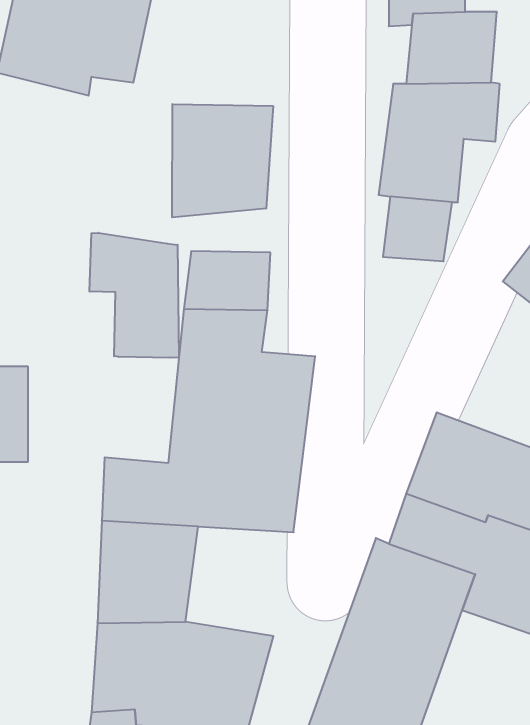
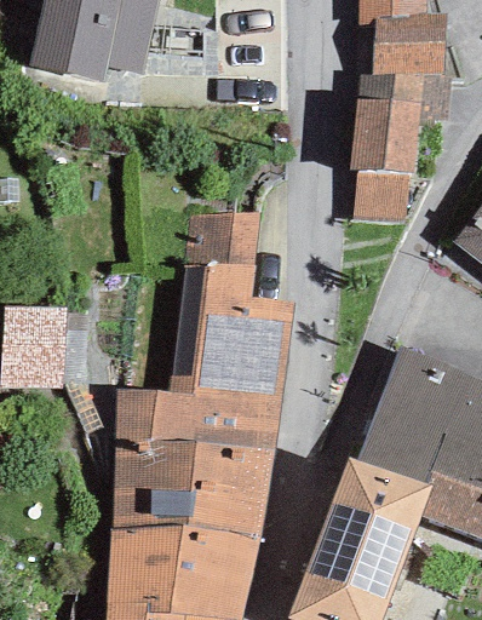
building: [172,104,273,217] -> none
building: [90,233,179,358] -> none
building: none -> [187,446,277,538]

